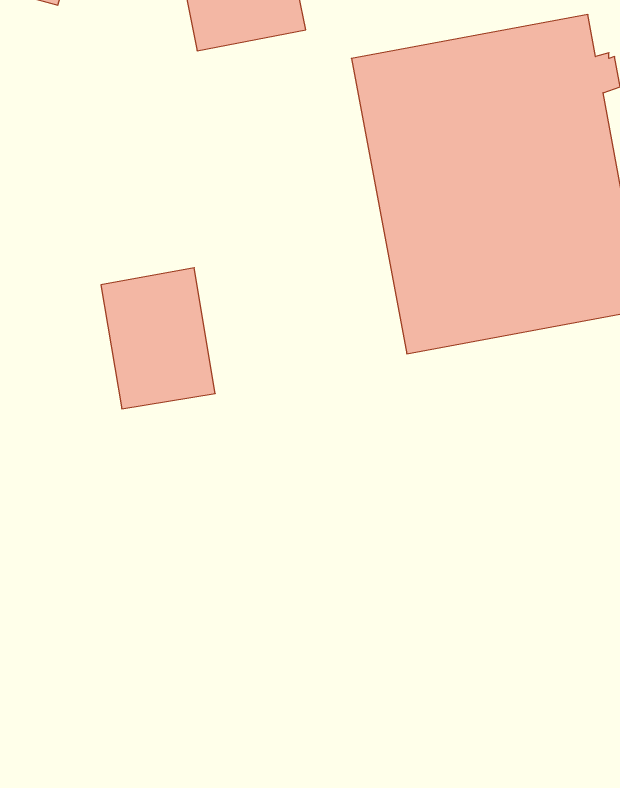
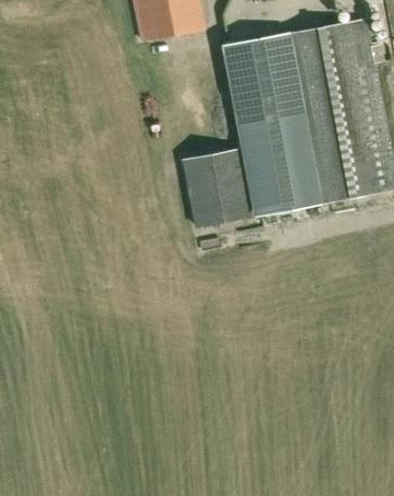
building: [101,268,215,409] -> [186,147,252,228]

